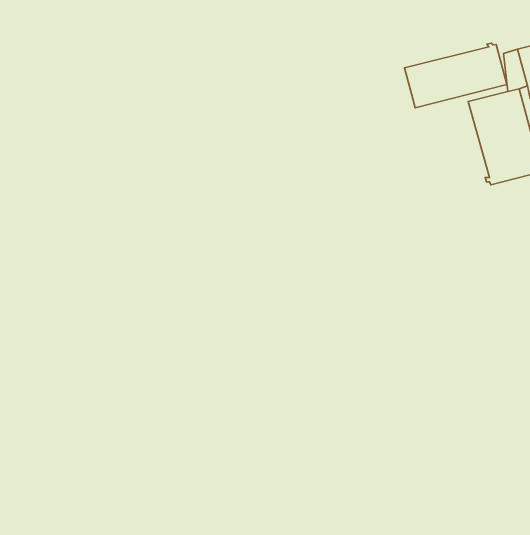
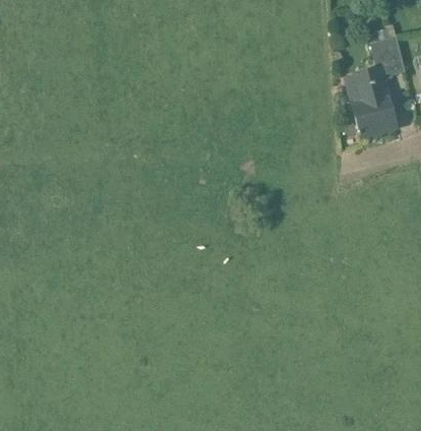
building: [405,43,507,108] -> none

